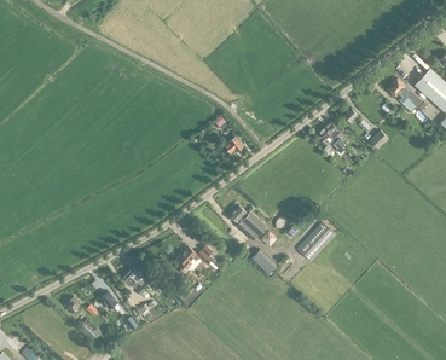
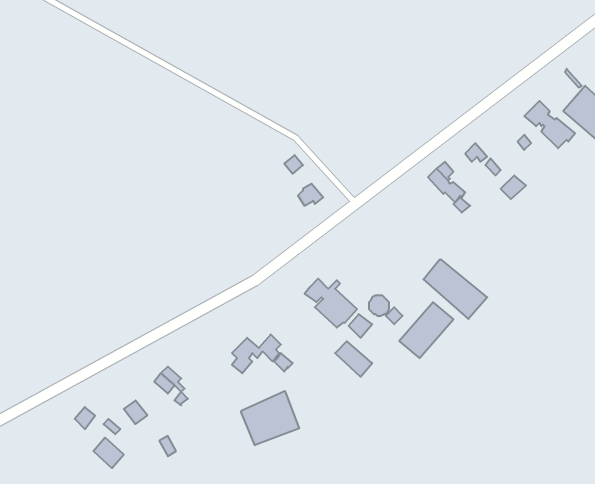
building: none -> [423,259,487,319]
building: none -> [241,391,299,445]

